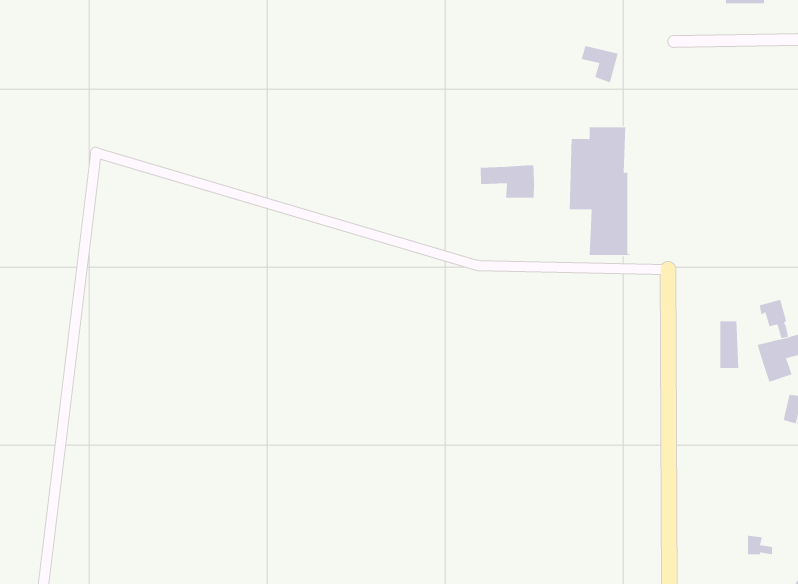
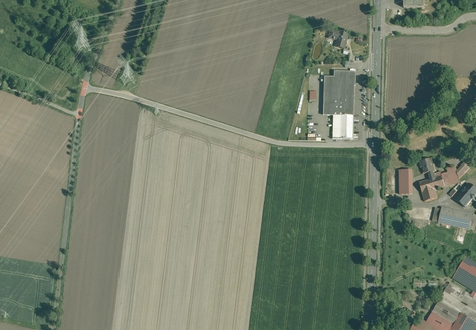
building: [480,164,534,198] -> none

